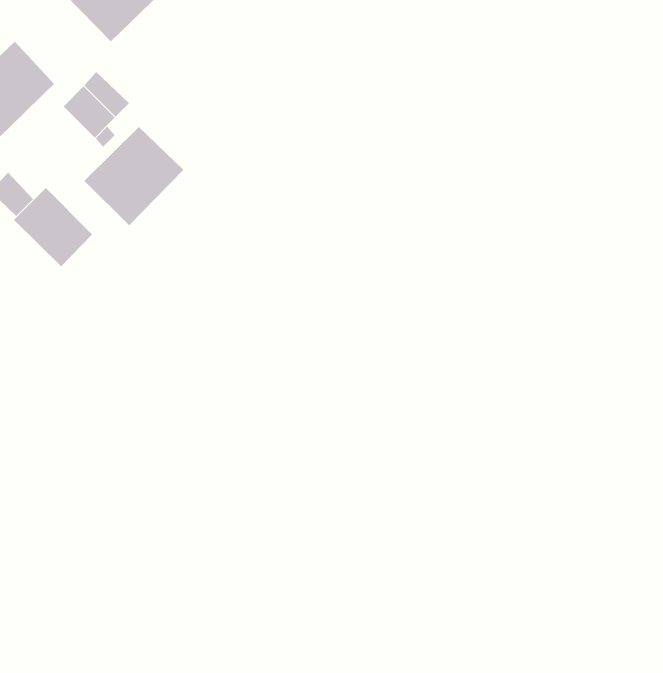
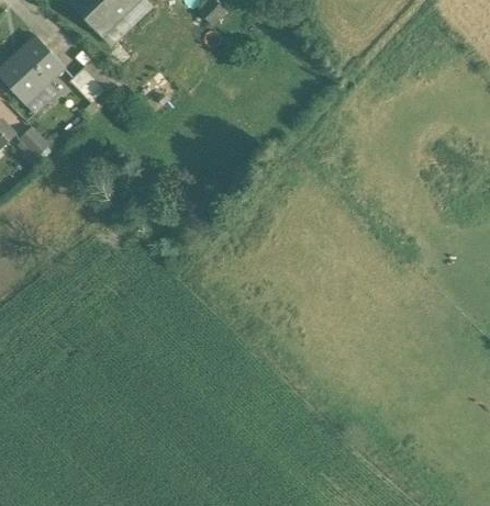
building: [83,126,184,226] -> none
building: [13,187,93,267] -> none

